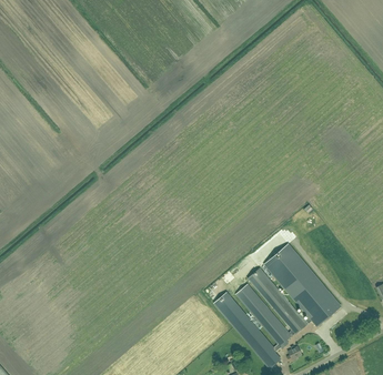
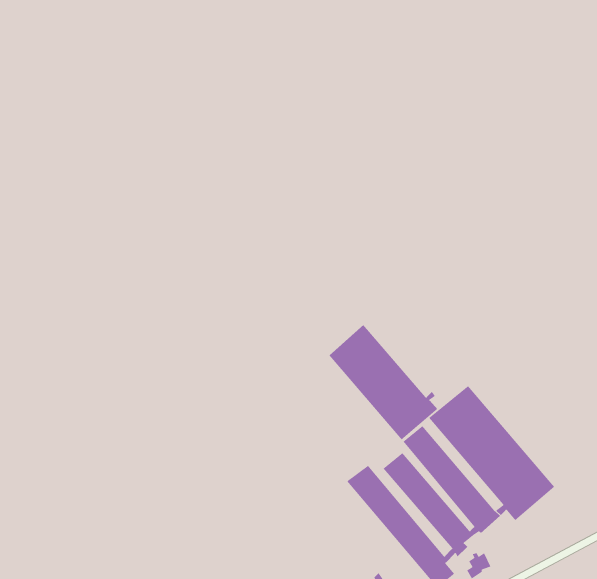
building: none -> [329,324,438,440]

